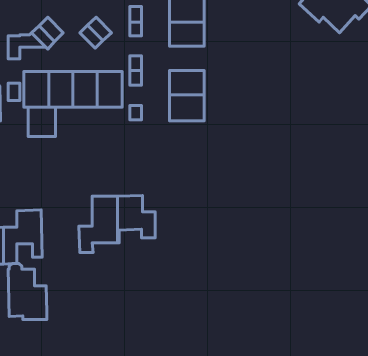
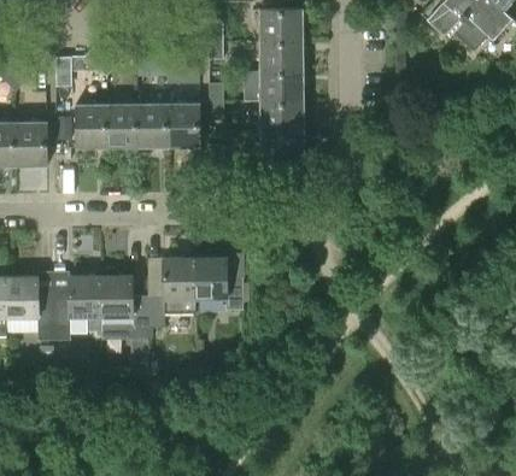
building: none -> [259,71,303,101]
building: [28,107,56,136] -> none
building: [8,263,47,320] -> [99,268,147,337]

